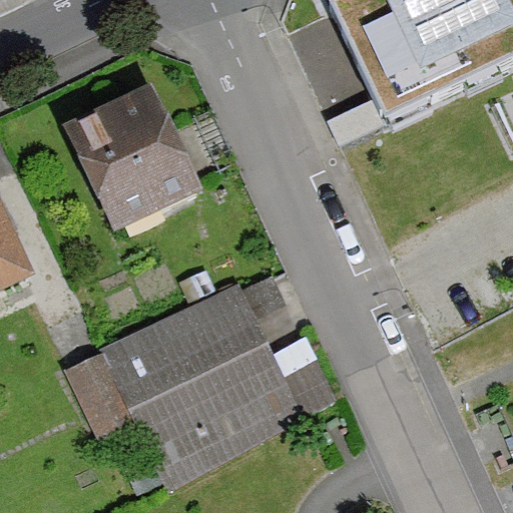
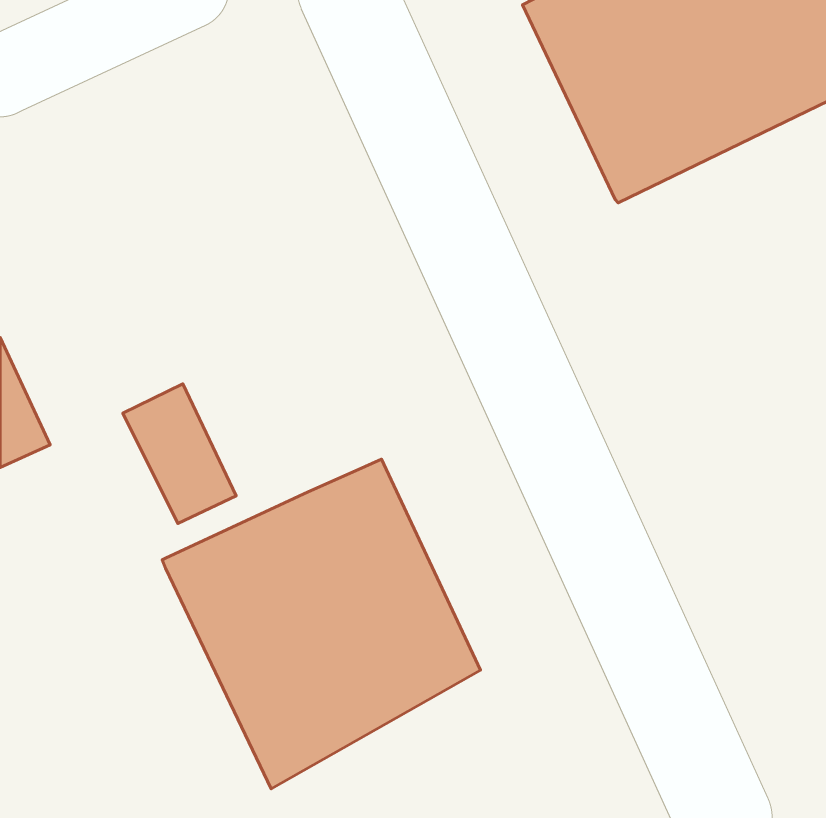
building: [65,85,202,227] -> none
building: [67,351,137,437] -> [123,384,236,523]

